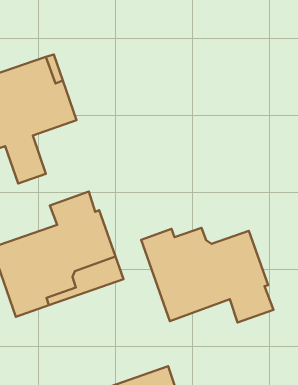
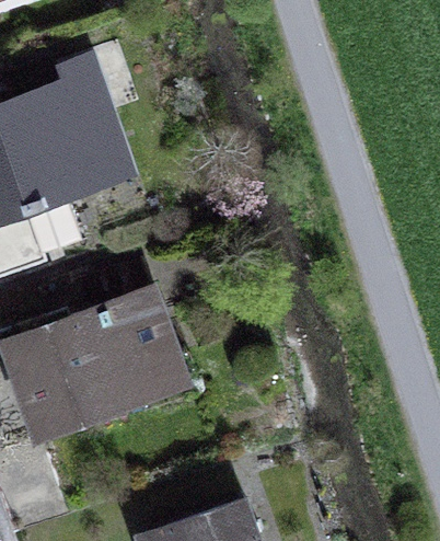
building: [141,228,273,322] -> none

